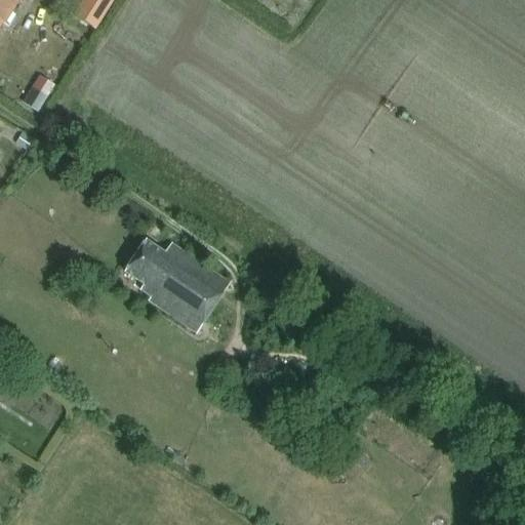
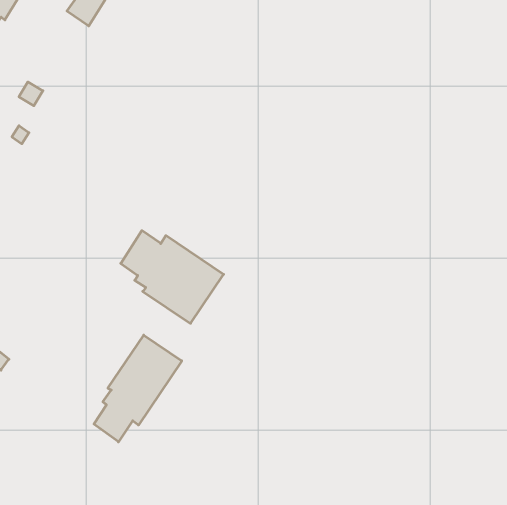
building: none -> [94,335,182,442]

